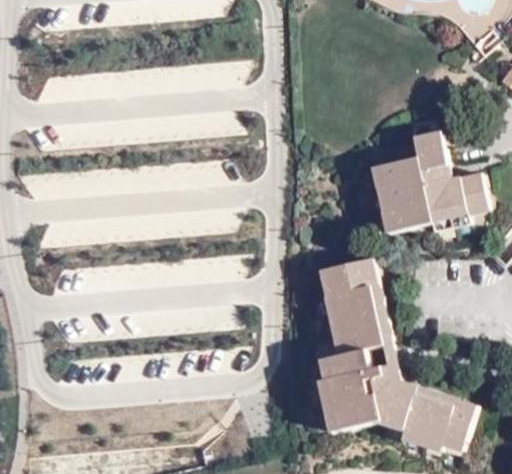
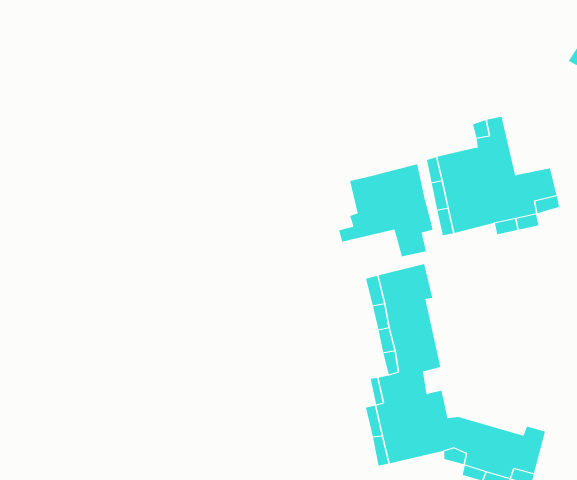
building: none -> [339,164,433,257]

